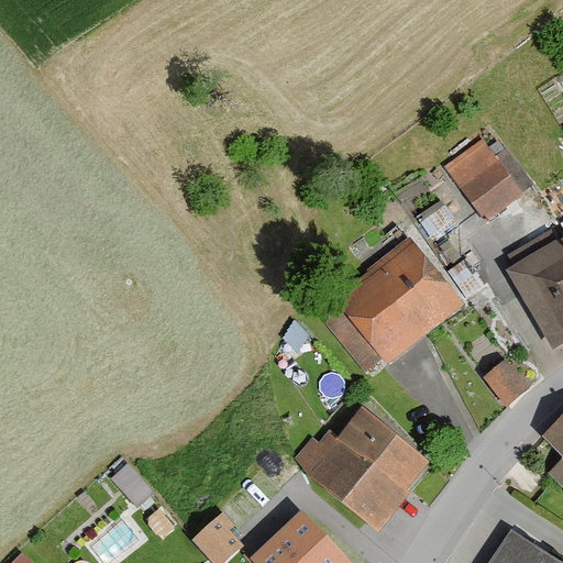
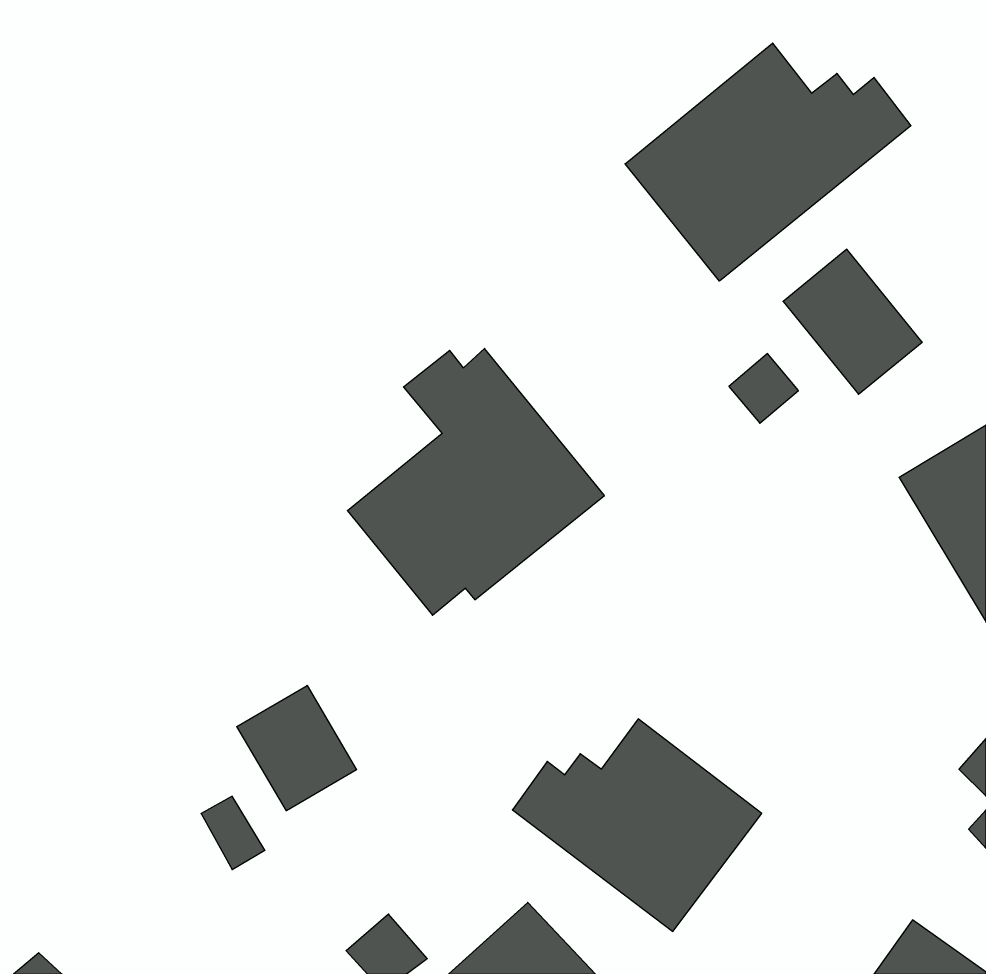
building: none -> [625,43,911,281]
building: [317,221,463,373] -> [347,348,604,615]
building: [483,361,529,407] -> none
building: none -> [237,685,357,811]

